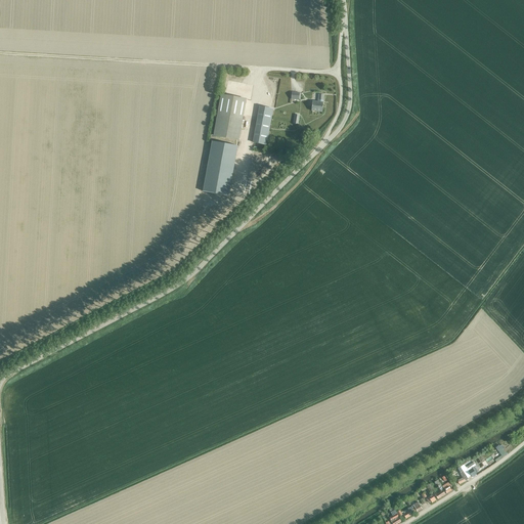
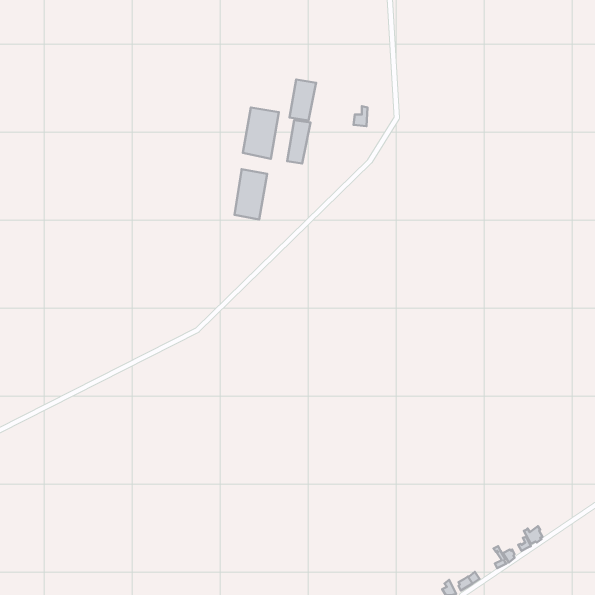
building: none -> [290,80,316,121]

